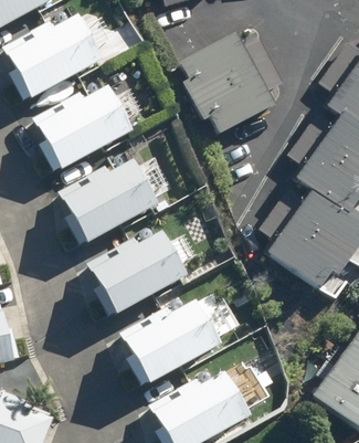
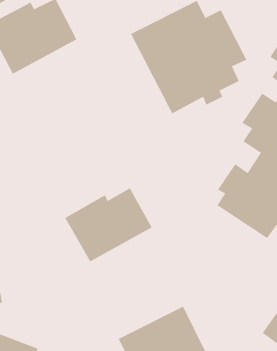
building: [31,83,131,170] -> none
building: [57,159,156,242] -> none
building: [117,297,220,382] -> none

